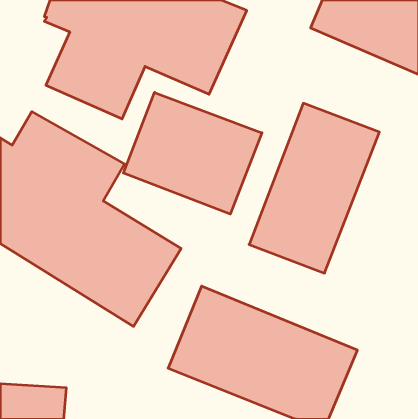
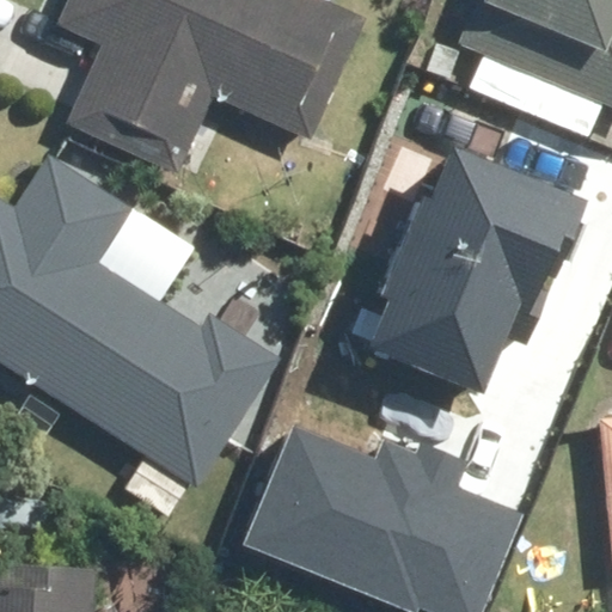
building: [123,92,262,214] -> none

